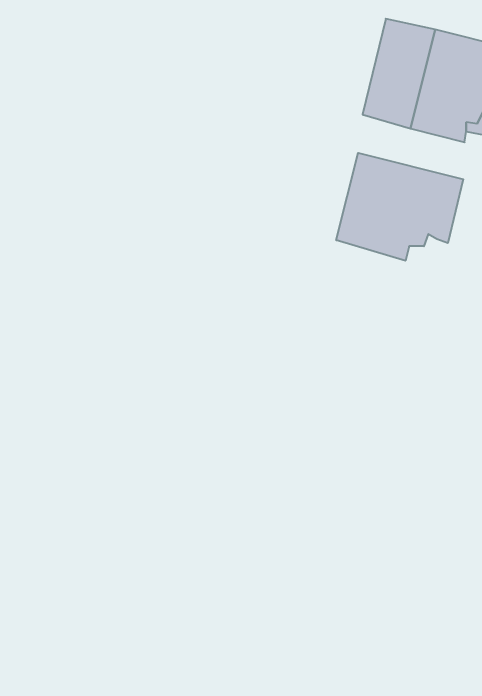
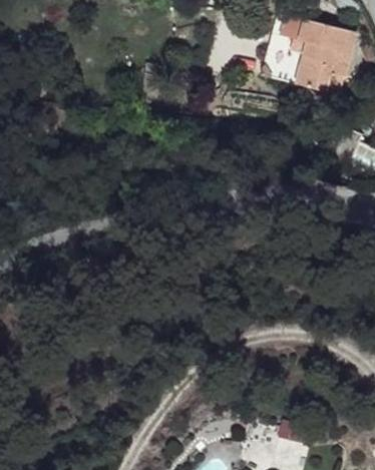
building: [336,153,463,261] -> none

